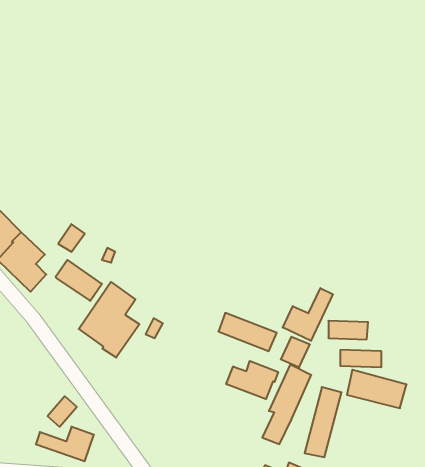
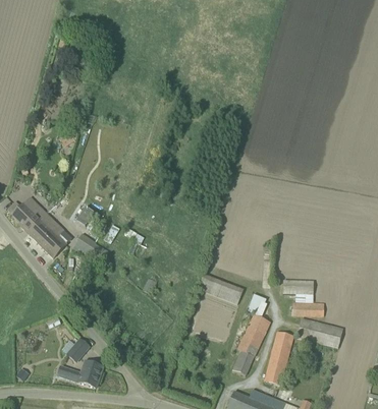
building: [79,282,139,358] -> none
building: [283,288,333,341] -> none
building: [226,361,278,399] -> none

